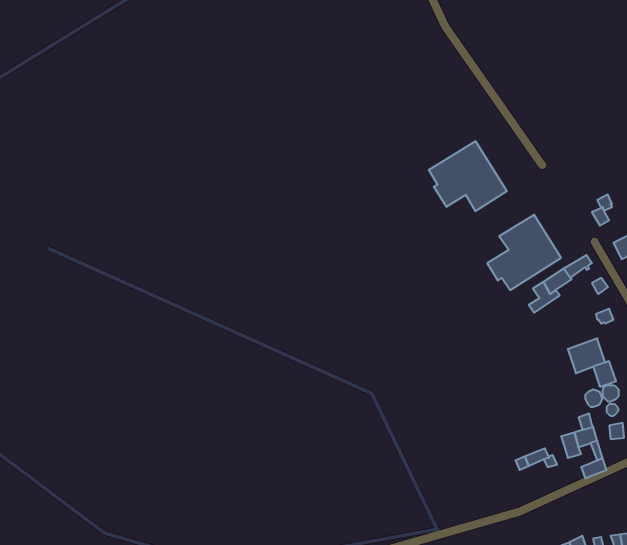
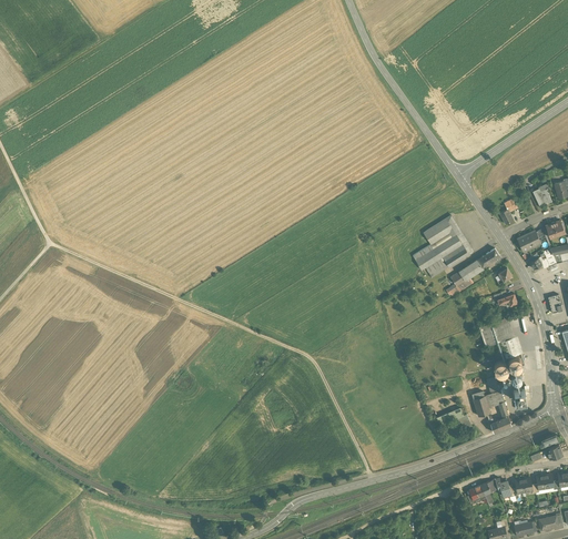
building: [429,141,507,211] -> none

